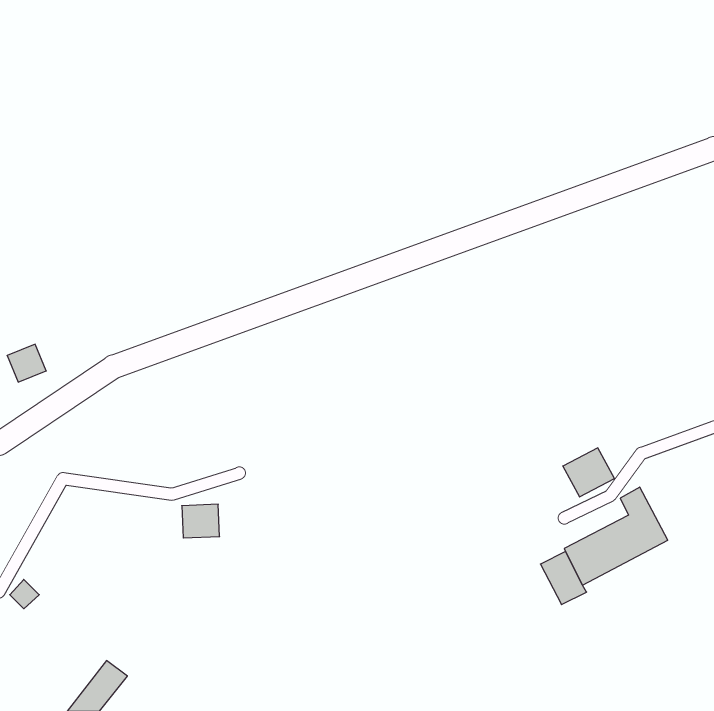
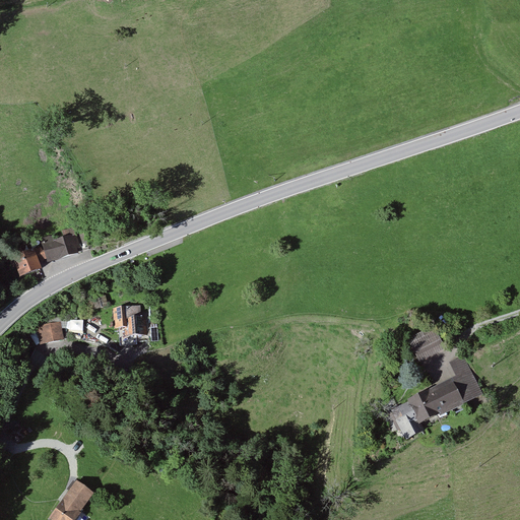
building: none -> [31,232,74,264]
building: none -> [35,322,62,346]
building: [182,504,220,538] -> [116,309,143,333]

